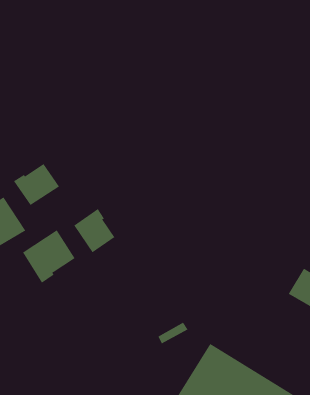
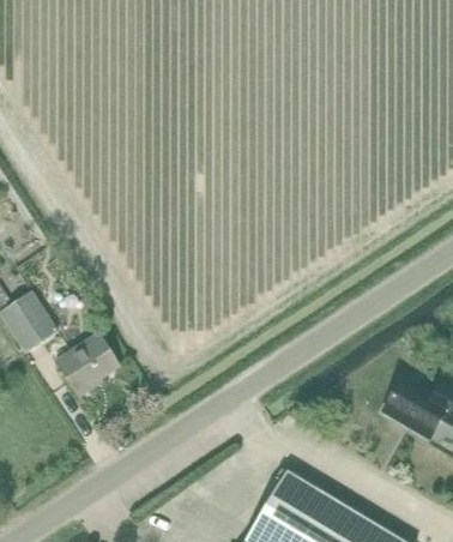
building: [13,163,60,206] -> none
building: [74,208,115,253] -> none

